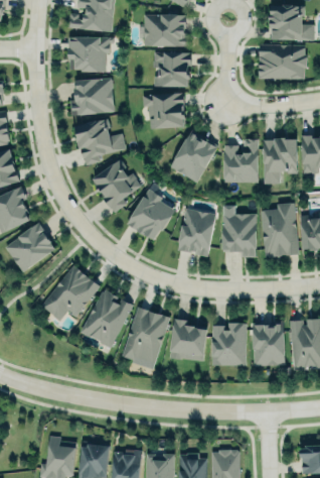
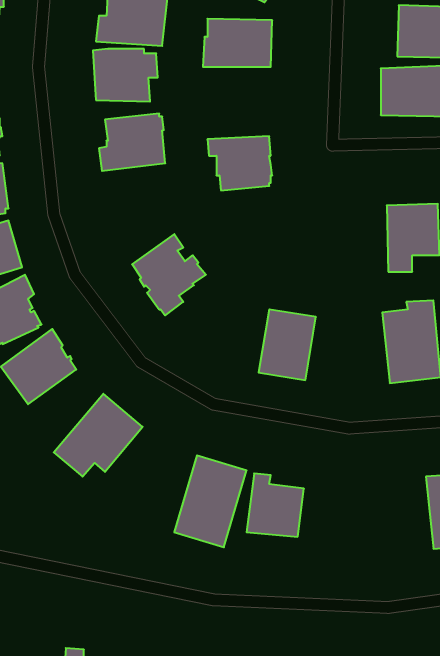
building: [153,51,189,87] -> none
building: [73,119,125,166] -> none
building: [169,130,218,183] -> none
building: [223,139,258,183] -> none
building: [128,189,176,240] -> none
building: [222,213,257,257] -> none
building: [79,289,133,348] -> none
building: [209,321,245,365] -> none
building: [253,323,285,366] -> none

